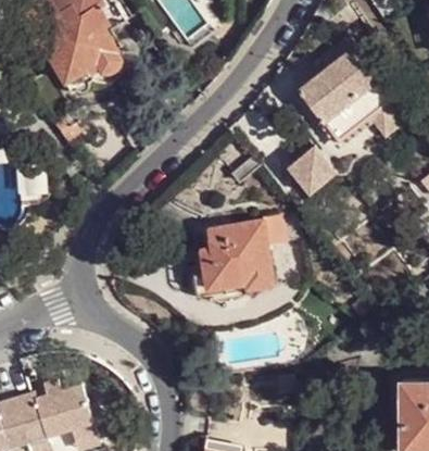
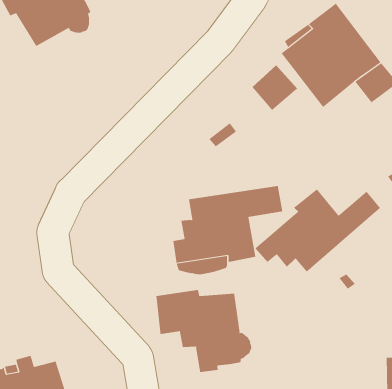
building: [290,149,335,193] -> [251,65,298,111]
building: none -> [255,188,381,273]
building: none -> [156,289,252,373]

